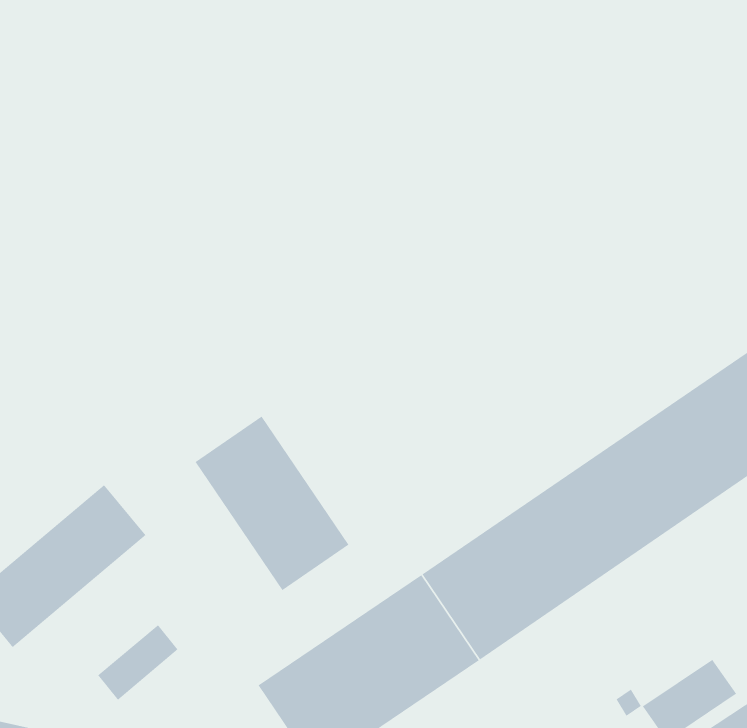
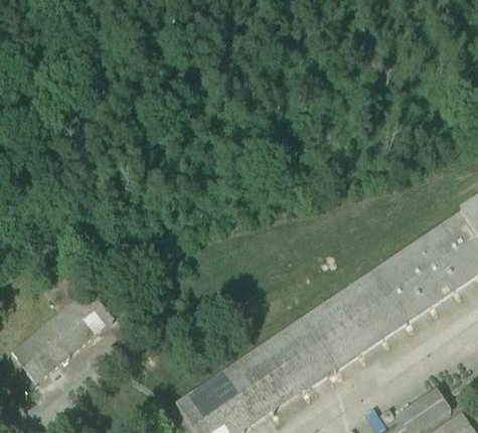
building: [195,416,349,591] -> none
building: [97,624,179,701] -> none

